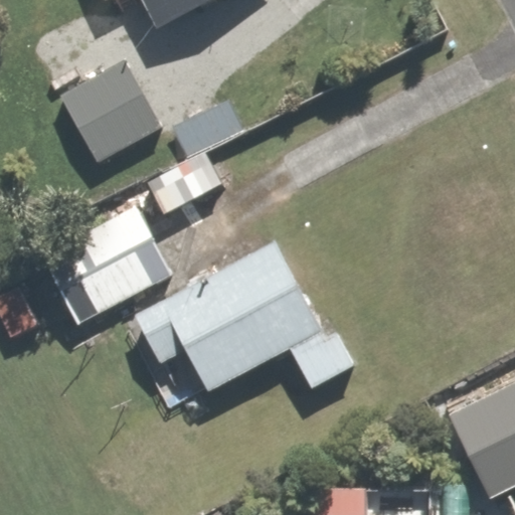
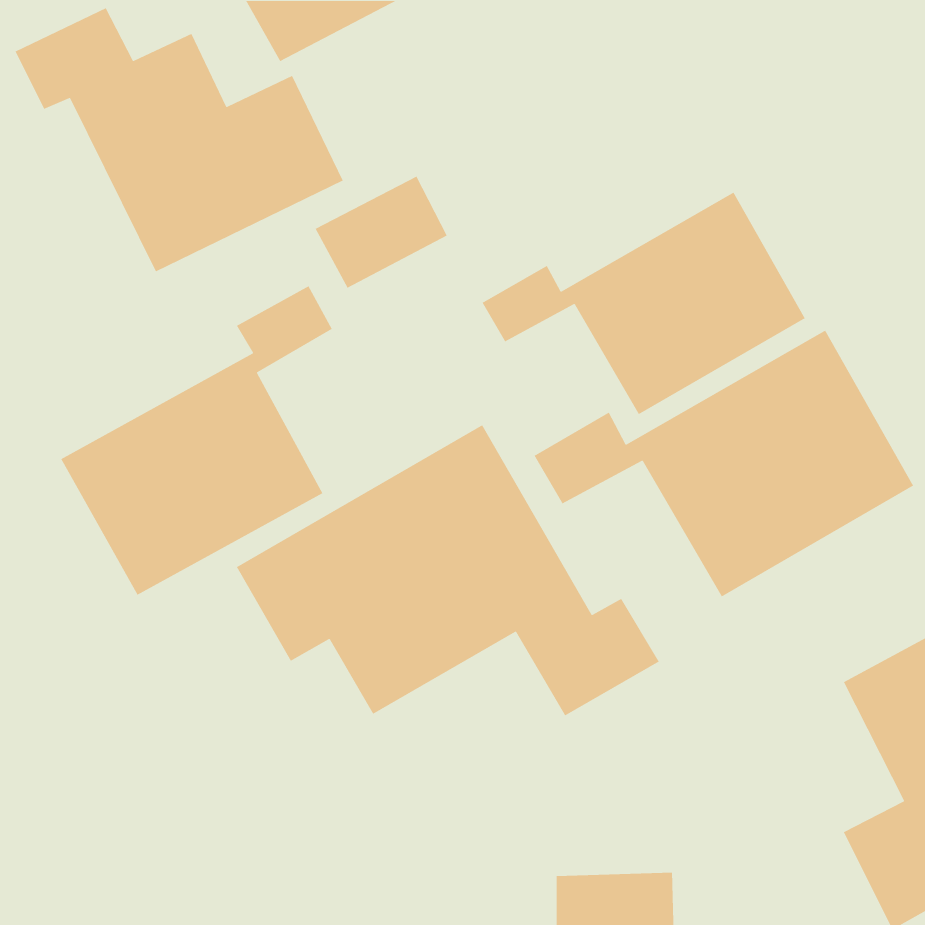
building: none -> [482,192,806,415]
building: none -> [533,329,914,597]

